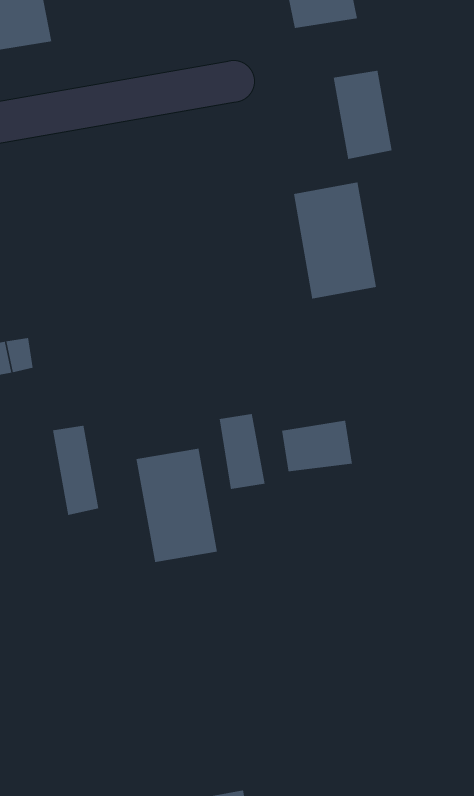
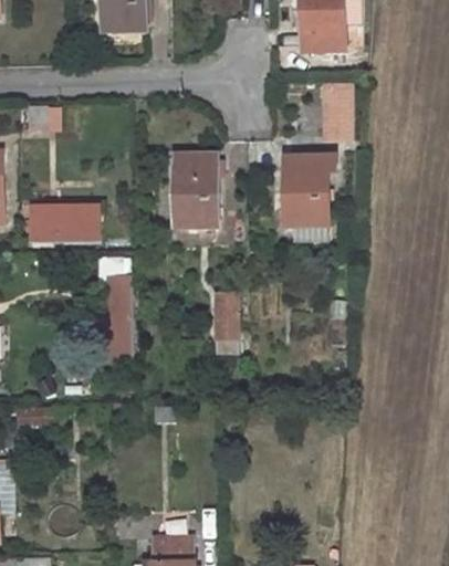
building: none -> [174,154,218,226]
building: [281,420,353,472] -> none
building: [136,448,217,563] -> none

